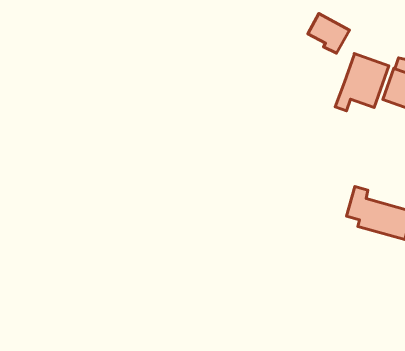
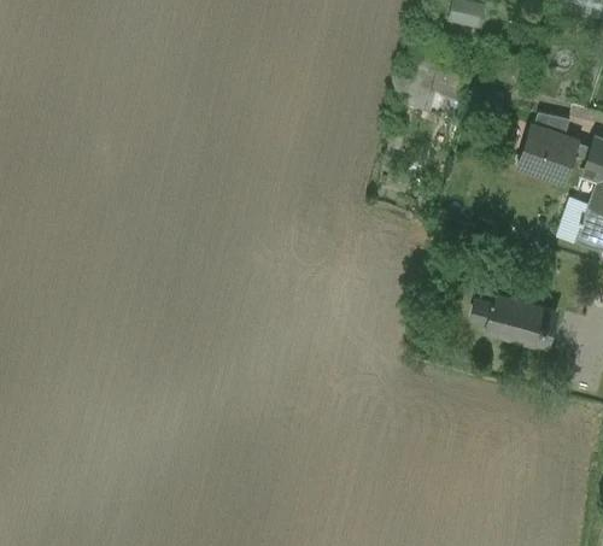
building: [335,53,389,111] -> none

